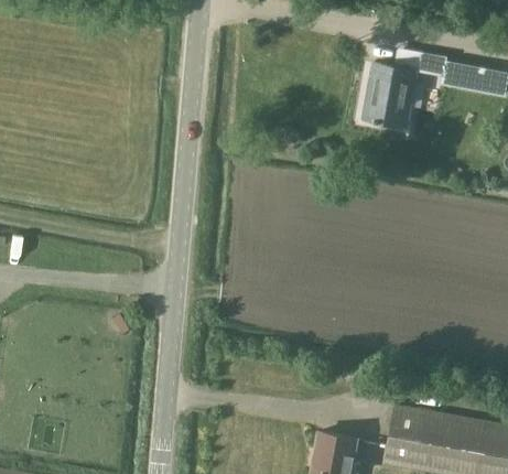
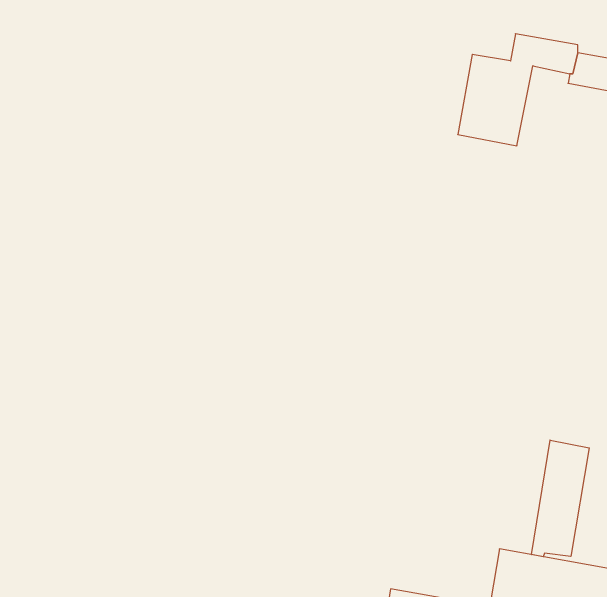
building: none -> [531,440,589,557]

